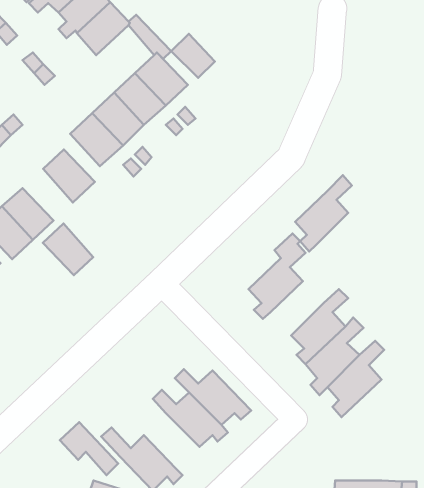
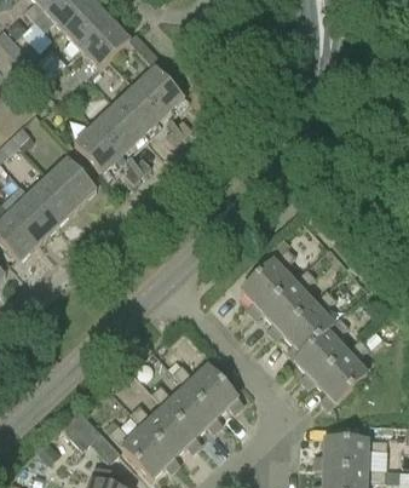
building: [171,34,215,78] -> none
building: [295,175,352,252] -> [261,266,315,338]
building: [43,223,93,275] -> [29,176,76,224]
building: none -> [129,402,201,457]
building: none -> [313,437,385,467]

